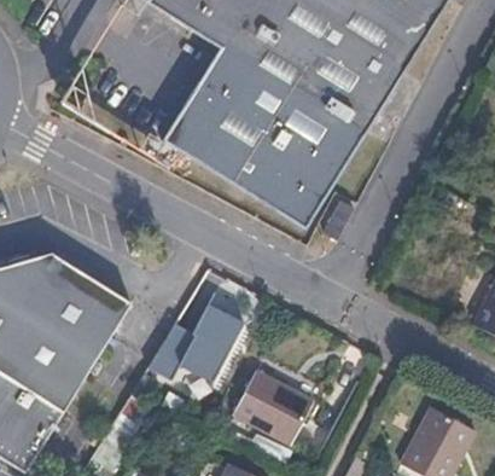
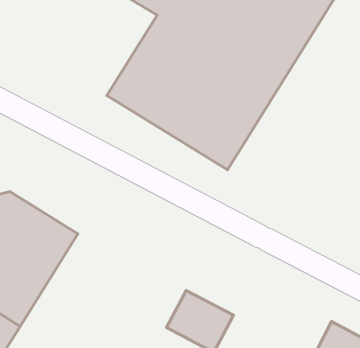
building: [171,297,241,379] -> none

